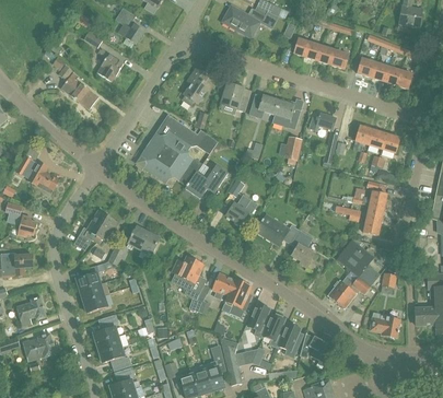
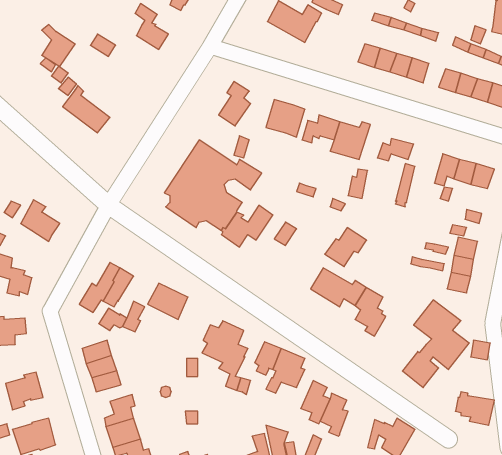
building: [97,48,124,81] -> [42,25,75,66]
building: [225,194,258,224] -> [325,228,367,267]
building: [279,323,303,356] -> none

